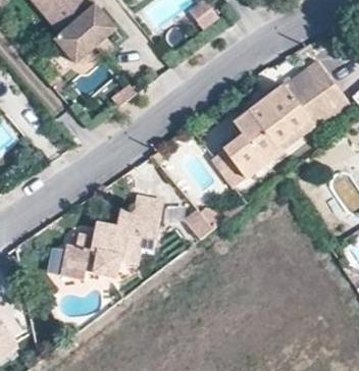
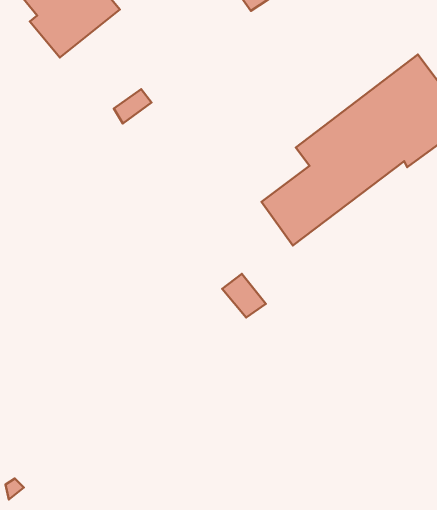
building: [61,196,162,277] -> none

